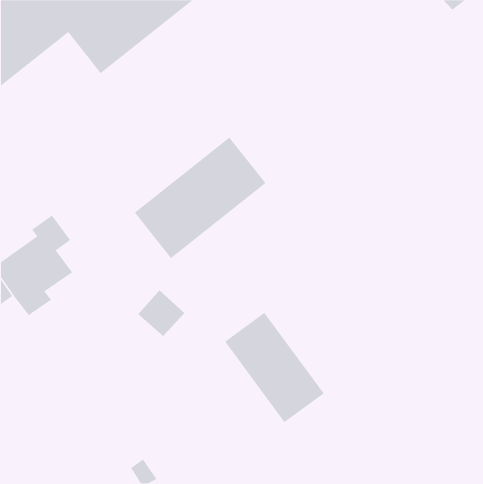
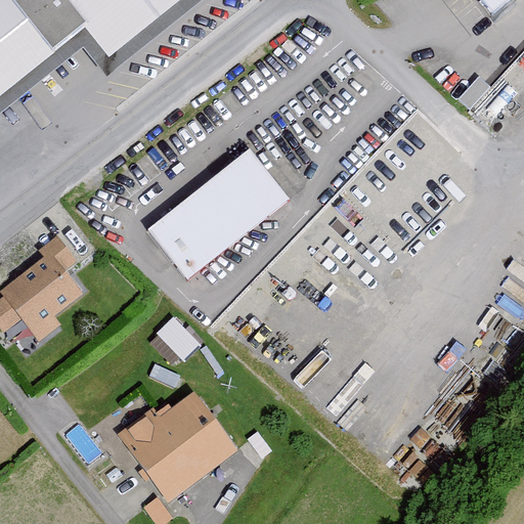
building: [224,312,325,423] -> none
building: none -> [118,393,233,496]

